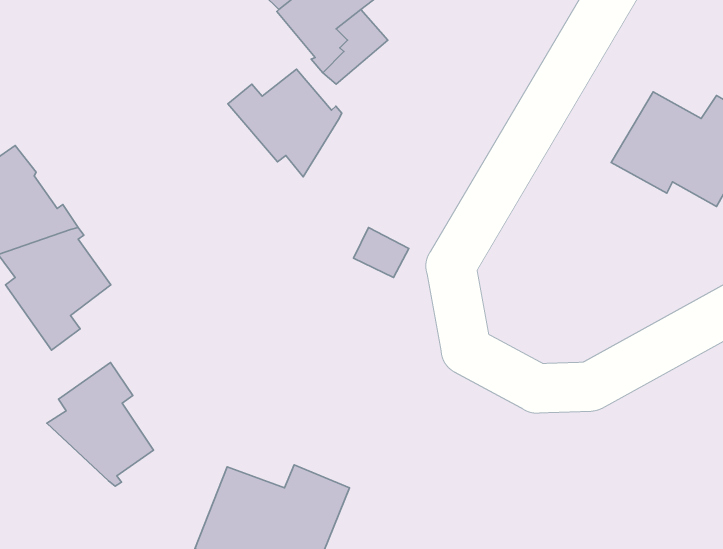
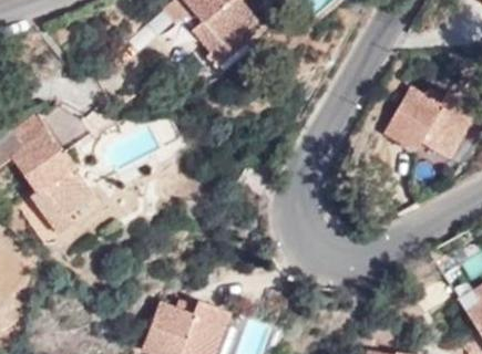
building: [228,69,342,177] -> none
building: [47,363,154,486] -> none

